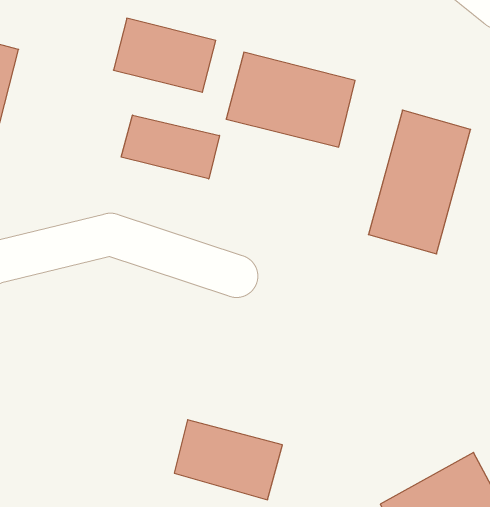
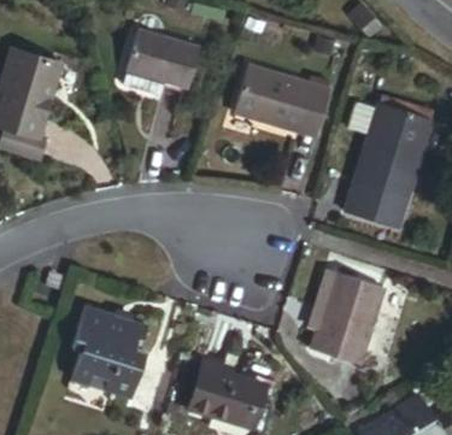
building: [121,115,219,179] -> none
building: none -> [301,264,383,365]
building: none -> [72,301,147,394]

